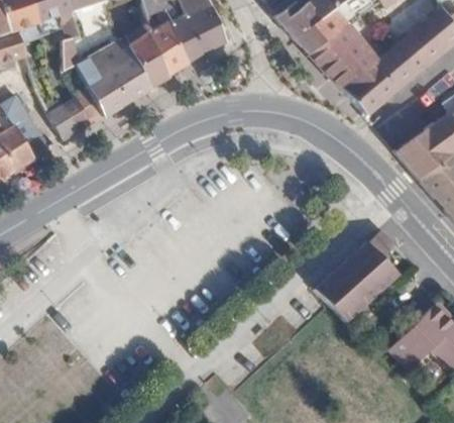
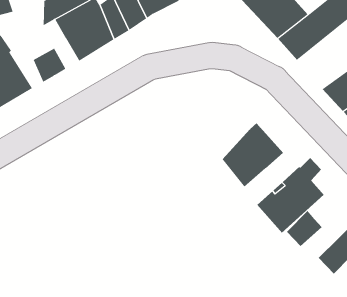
building: none -> [222,123,284,187]
building: none -> [286,210,322,247]

